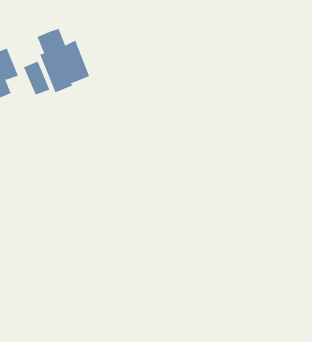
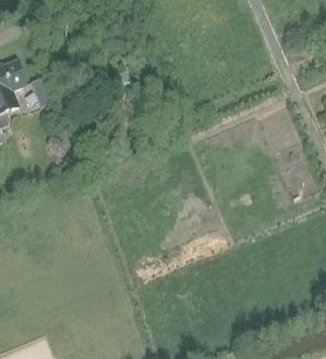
building: [37,28,90,93] -> none

